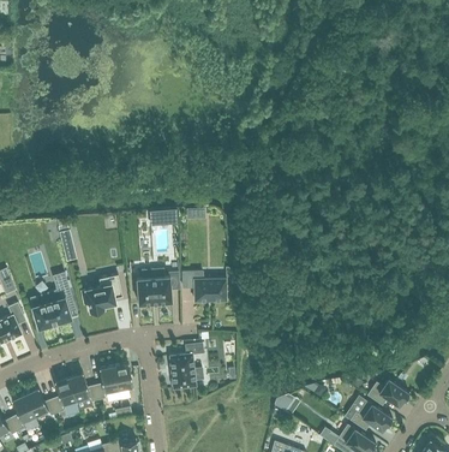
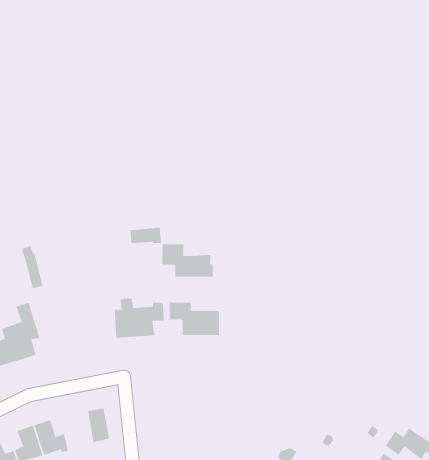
building: none -> [161,243,214,278]
building: [82,274,122,311] -> none
building: [170,344,204,389] -> none
building: [95,365,119,400] -> none

